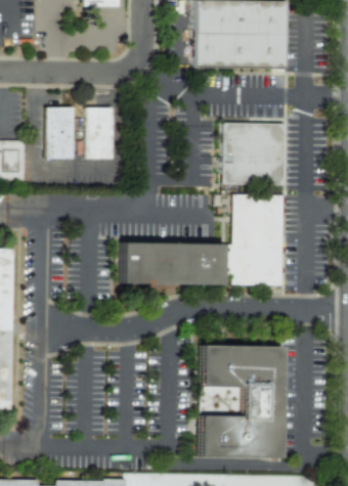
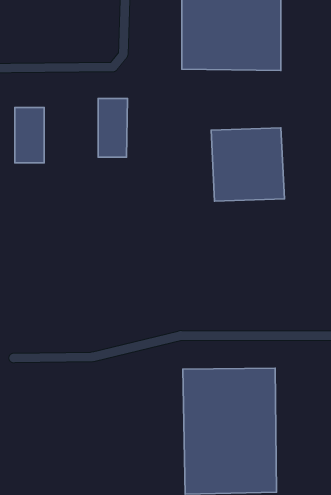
building: [86,106,113,160] -> [98,98,128,157]
building: [233,200,286,293] -> none
building: [127,252,223,296] -> none

